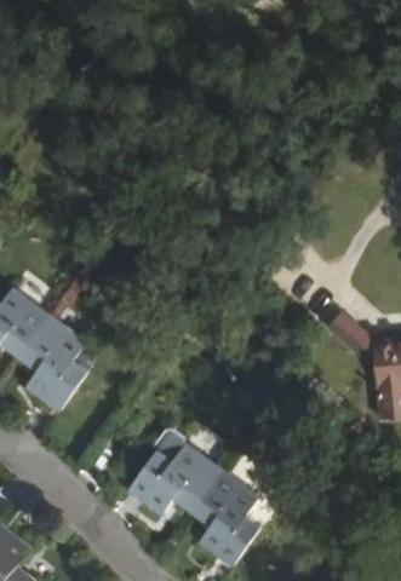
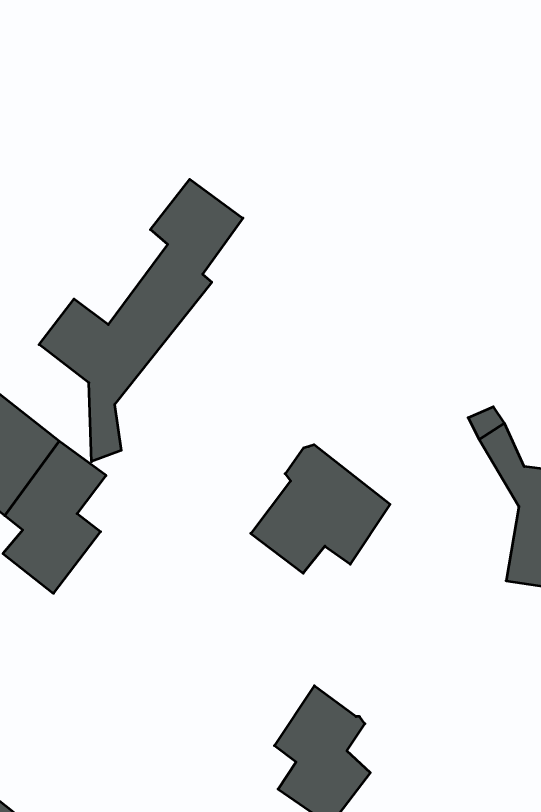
building: none -> [39,179,243,462]
building: [133,435,227,520] -> [251,445,390,573]

